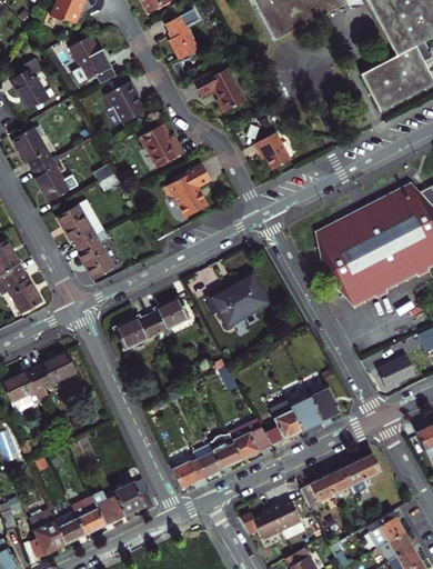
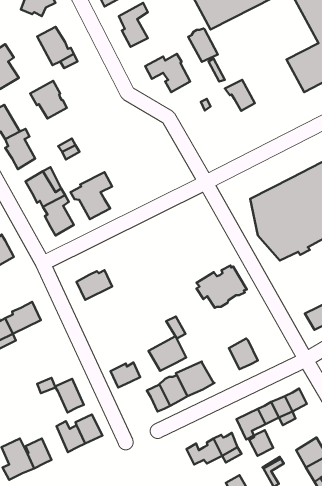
building: none -> [188,29,218,62]
building: [104,81,147,124] -> [30,81,67,119]
building: [140,124,184,167] -> none
building: [254,133,289,169] -> [225,80,255,111]
building: [162,162,210,217] -> [71,172,112,219]
building: [212,276,270,325] -> [197,265,247,308]
building: [148,299,189,336] -> none
building: [313,385,343,421] -> none
building: [260,407,303,447] -> [148,336,186,371]
building: [174,463,209,492] -> [110,363,140,388]
building: [72,497,105,536] -> [55,379,84,412]
building: none -> [249,430,273,456]

